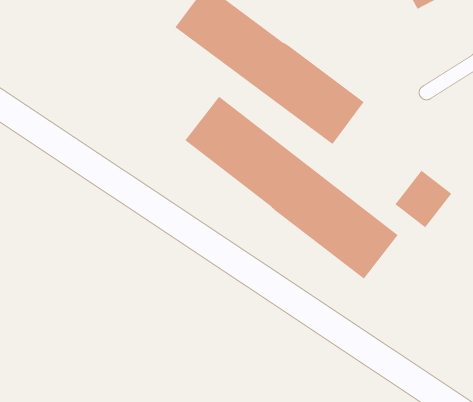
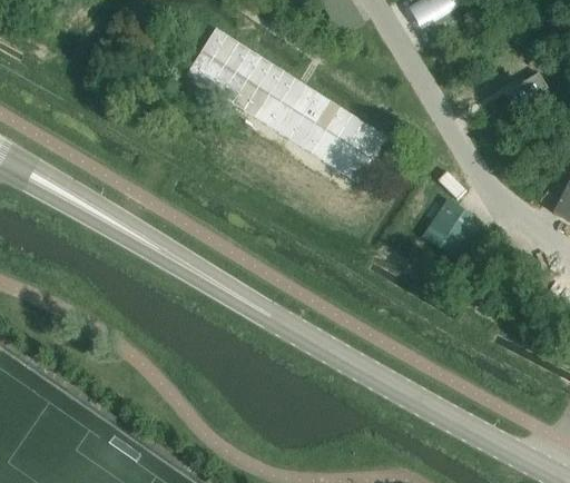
building: [184,96,398,279] -> none

